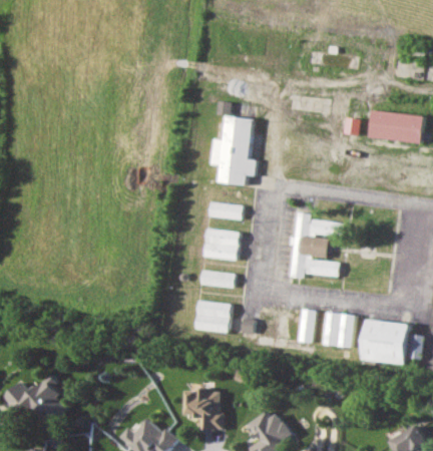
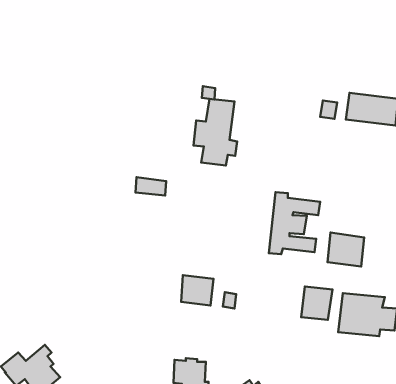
building: [207,202,240,221] -> [136,177,166,195]
building: [202,229,239,262] -> none
building: none -> [327,232,364,266]
building: [198,271,234,289] -> none
building: [297,309,314,344] -> none

